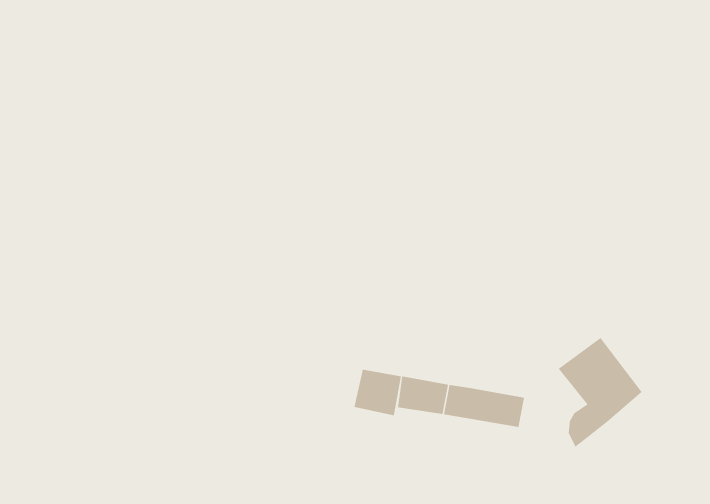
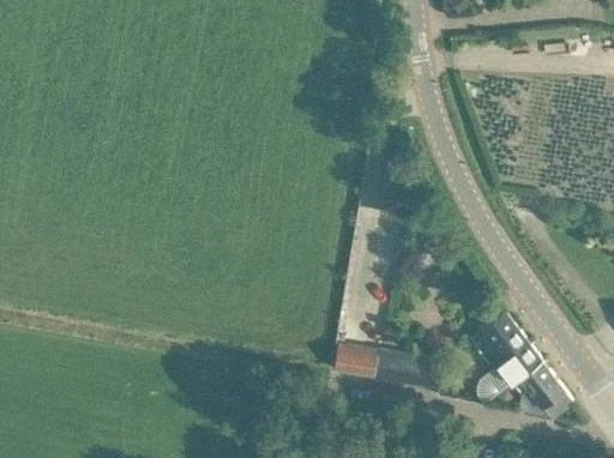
building: [354,369,402,416] -> none
building: none -> [513,360,574,420]

